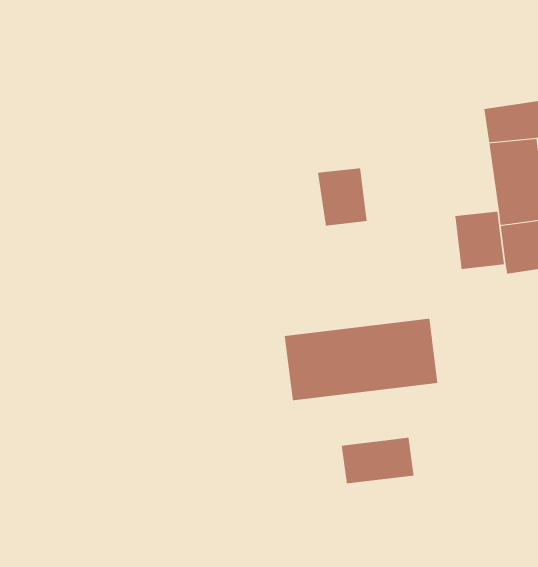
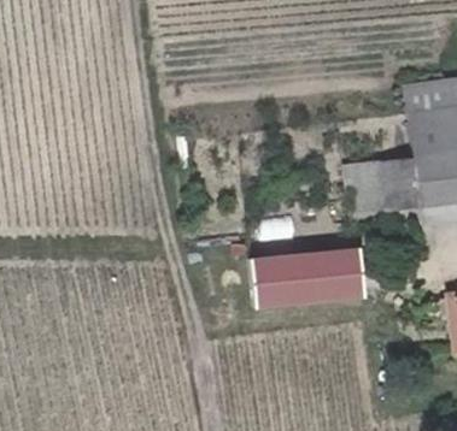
building: [317,168,367,226] -> [347,169,385,212]
building: [341,437,414,484] -> none

